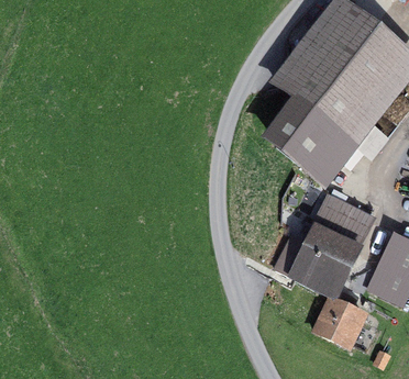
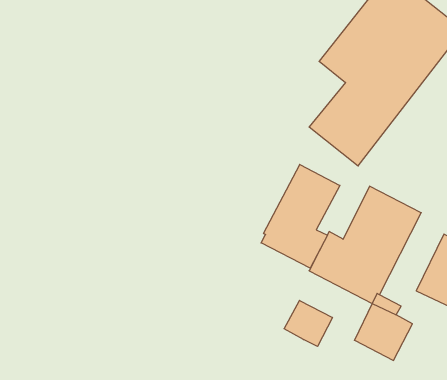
building: none -> [261,164,340,268]
building: none -> [284,300,332,346]

